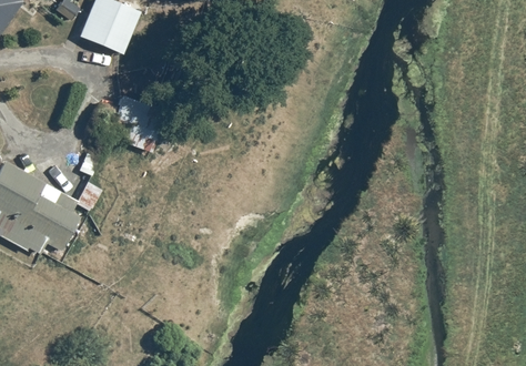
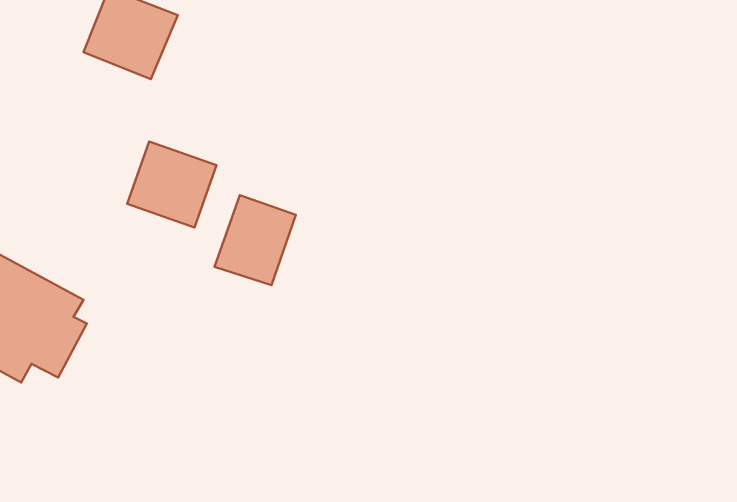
building: none -> [215,195,296,285]

